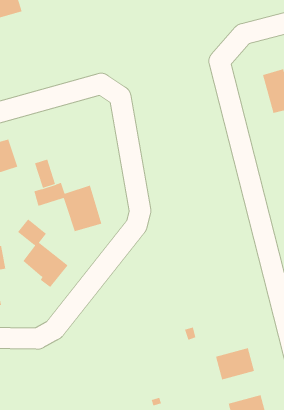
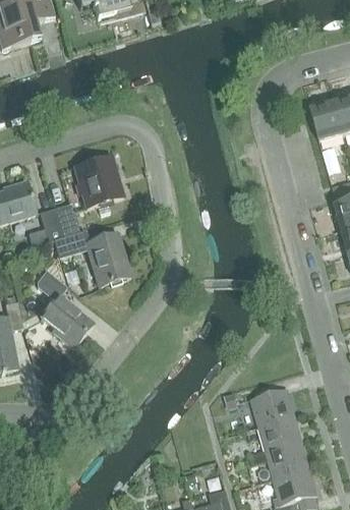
building: none -> [72,155,123,207]
building: none -> [28,208,63,245]
building: none -> [250,388,295,426]
building: none -> [253,442,309,478]

